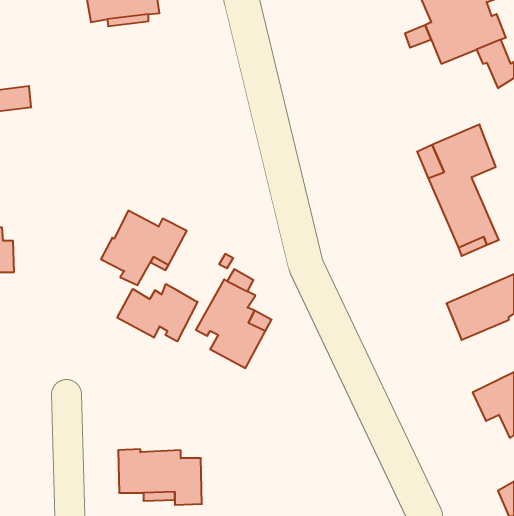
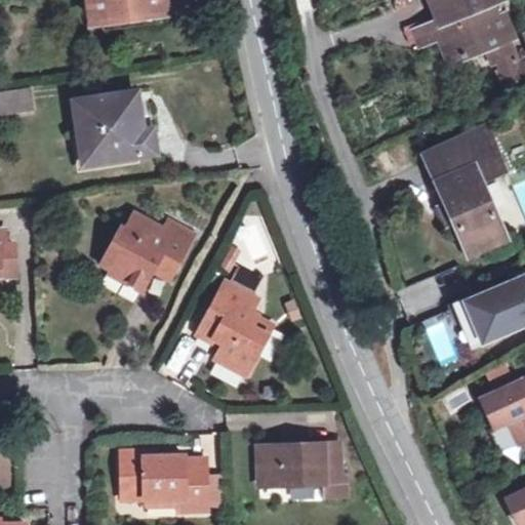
building: none -> [73,89,155,162]
building: [117,284,198,341] -> none
building: none -> [256,444,342,497]

